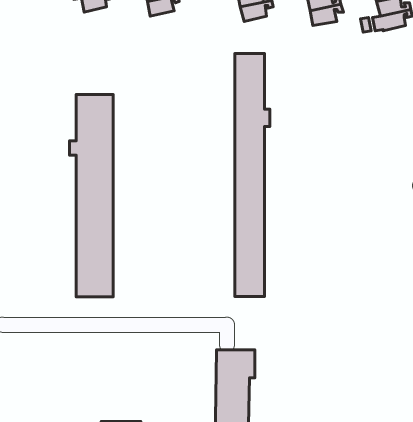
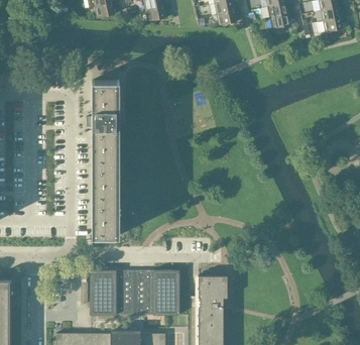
building: [235,53,270,296] -> none
building: none -> [90,269,178,315]

